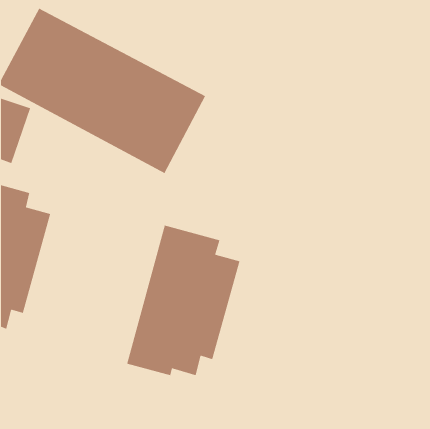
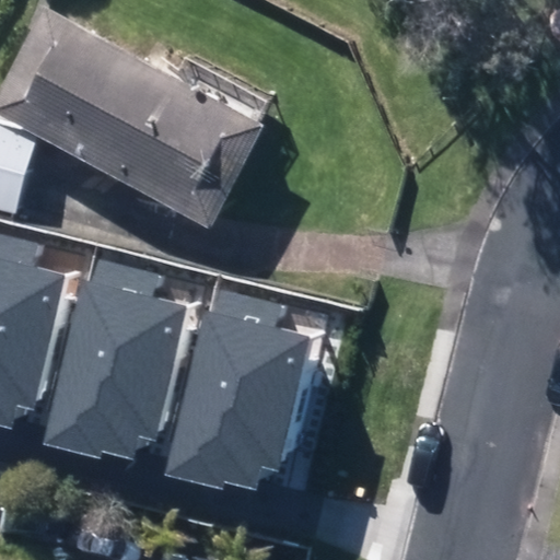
building: none -> [40,261,189,458]

